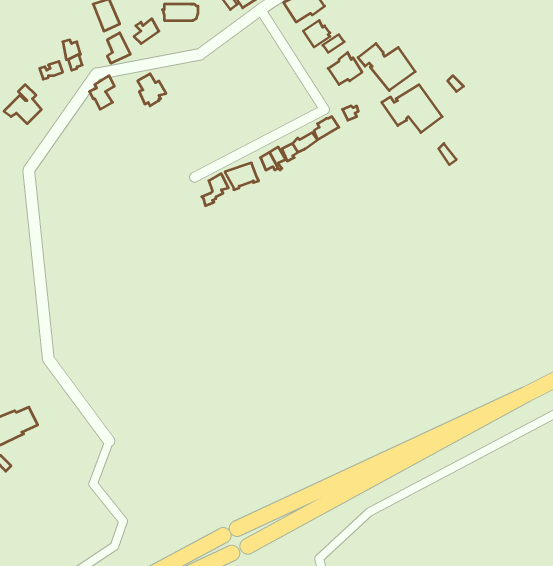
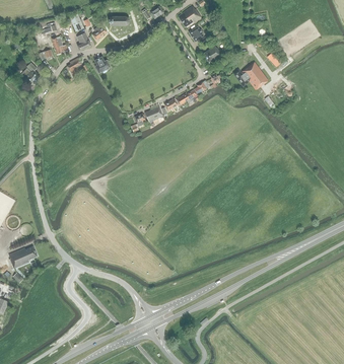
building: [358,43,415,91] -> none

